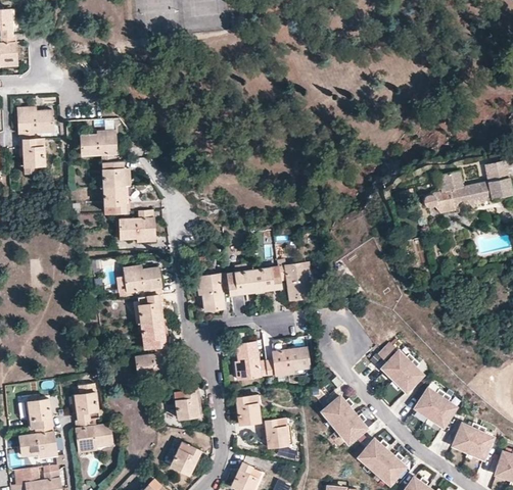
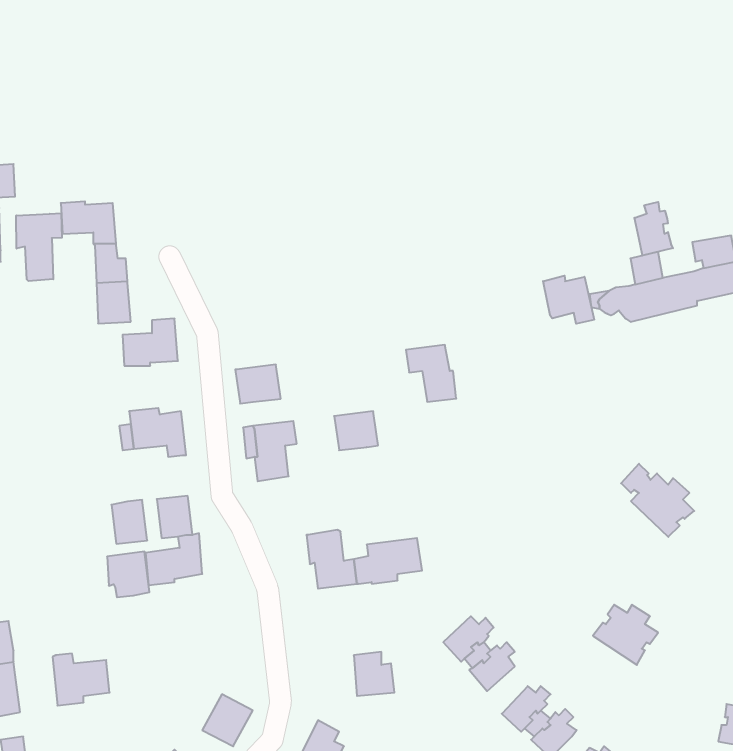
building: none -> [634,202,673,256]
building: none -> [16,213,62,281]
building: none -> [543,276,594,324]
building: [278,264,310,300] -> [406,345,456,402]
building: [228,271,256,295] -> [235,365,281,404]
building: [139,295,161,323] -> [111,500,147,544]
building: [377,345,423,391] -> [621,464,694,537]
building: [174,390,198,418] -> none
building: [73,392,99,421] -> [107,552,149,597]
building: [236,395,265,424] -> none
building: [454,423,494,458] -> none

